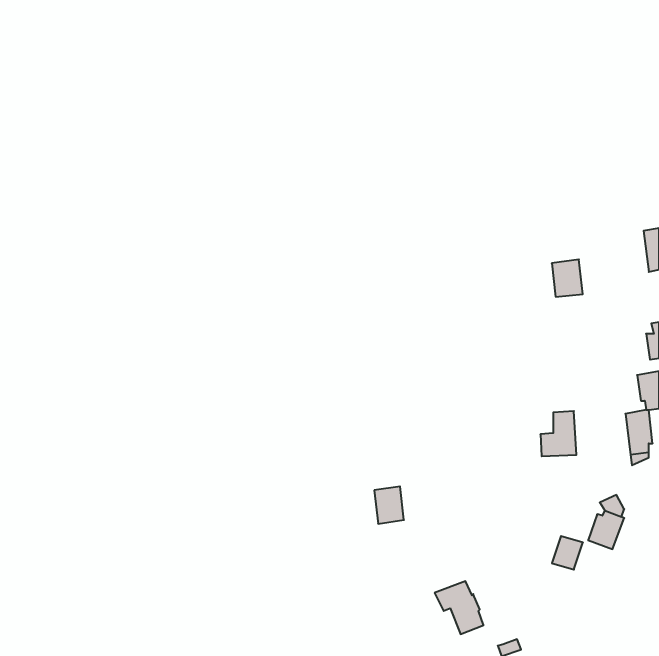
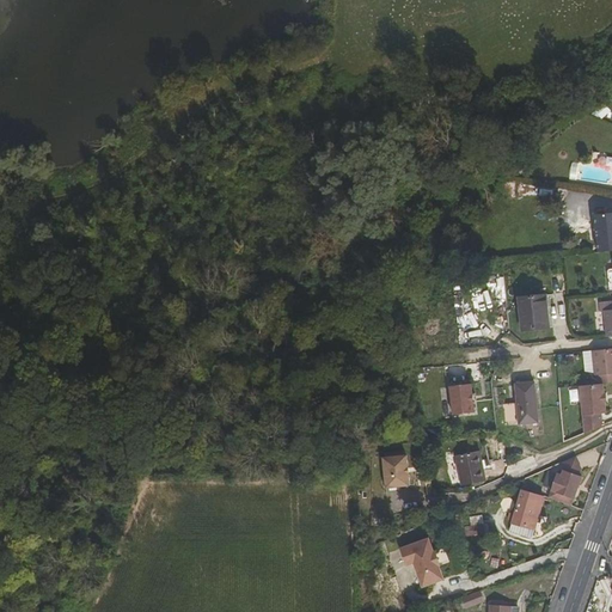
building: [552,259,583,297] -> [518,295,546,330]
building: none -> [452,384,476,414]
building: none -> [454,449,486,485]
building: [374,486,404,524] -> [384,455,411,490]

